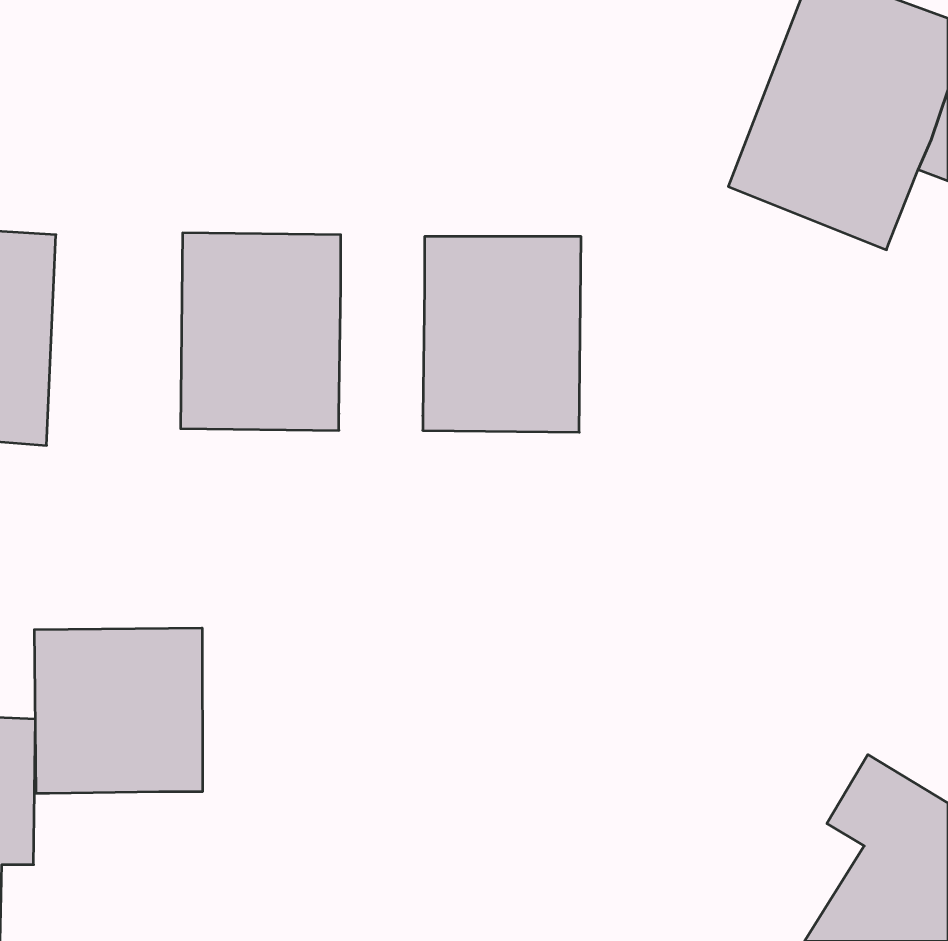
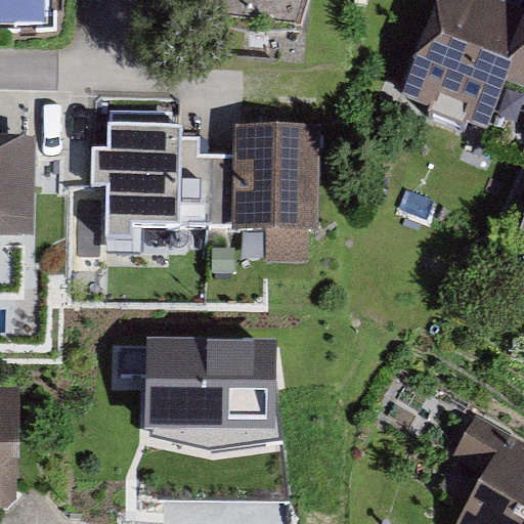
building: none -> [186,158,233,228]
building: none -> [143,332,283,448]
building: [34,628,202,793] -> none

